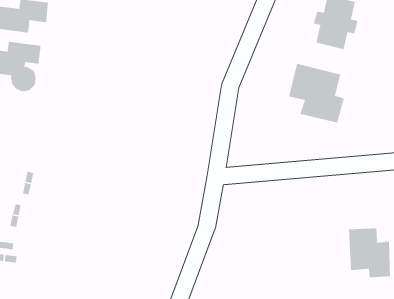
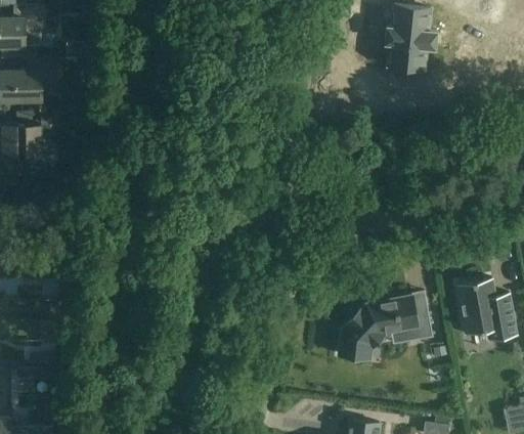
building: [288,63,345,124] -> none
building: none -> [340,298,432,359]

